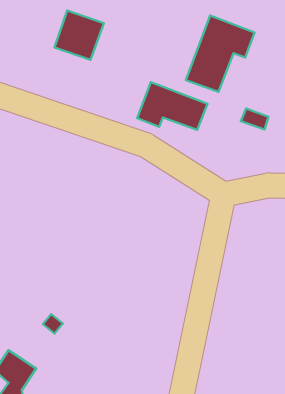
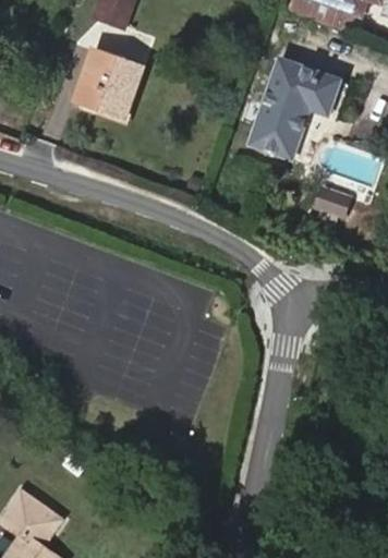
building: [137,82,208,130] -> none

